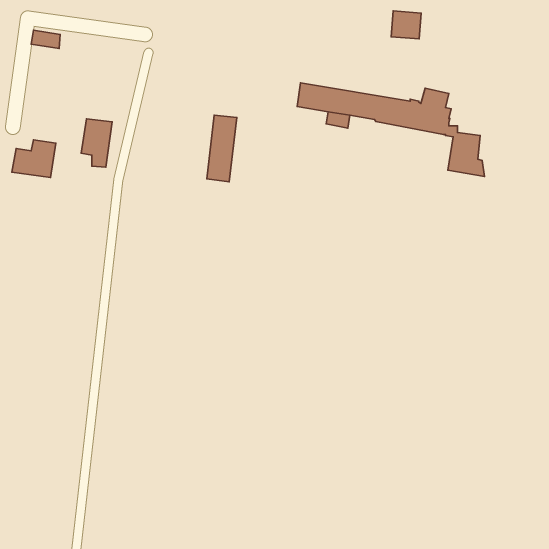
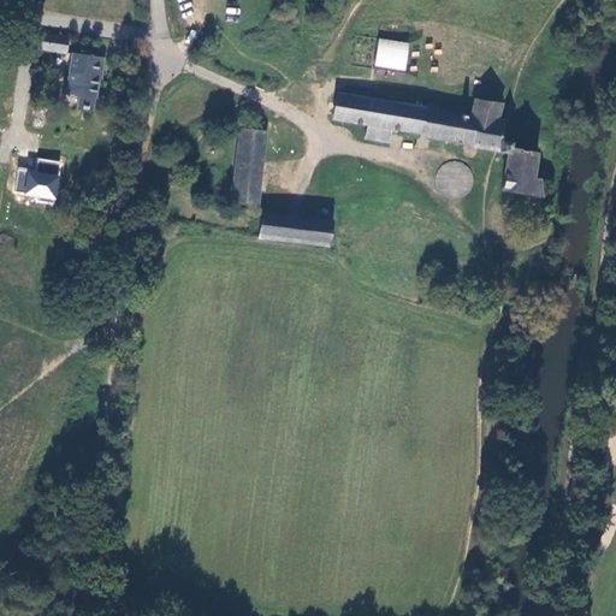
building: [391,11,421,39] -> [377,37,410,69]
building: [81,119,112,167] -> [66,54,101,108]
building: none -> [260,212,333,247]

